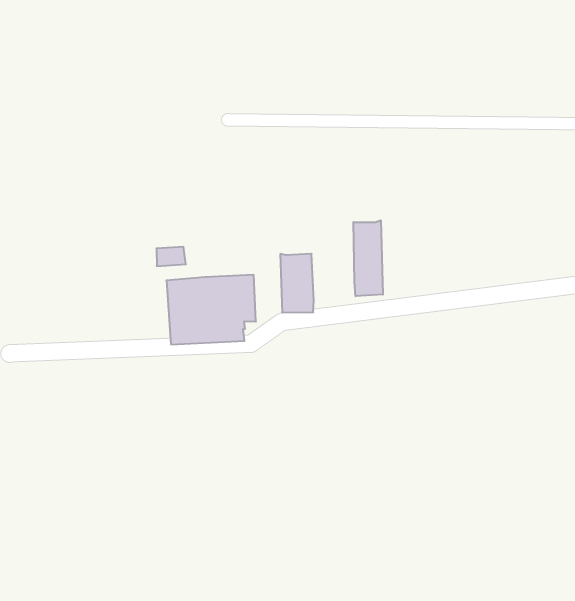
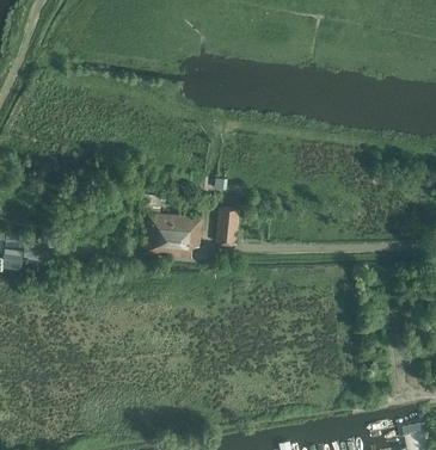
building: [353,220,383,296] -> none

